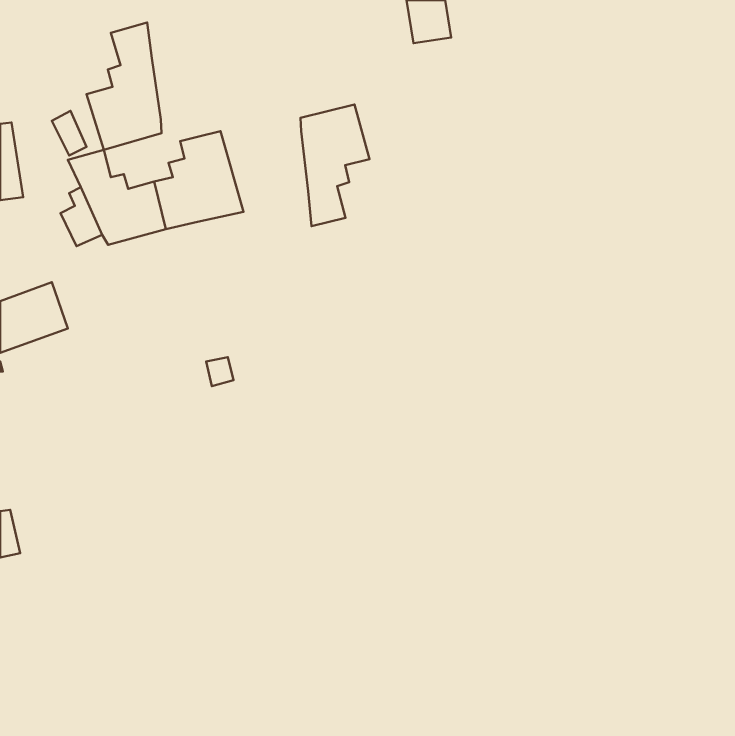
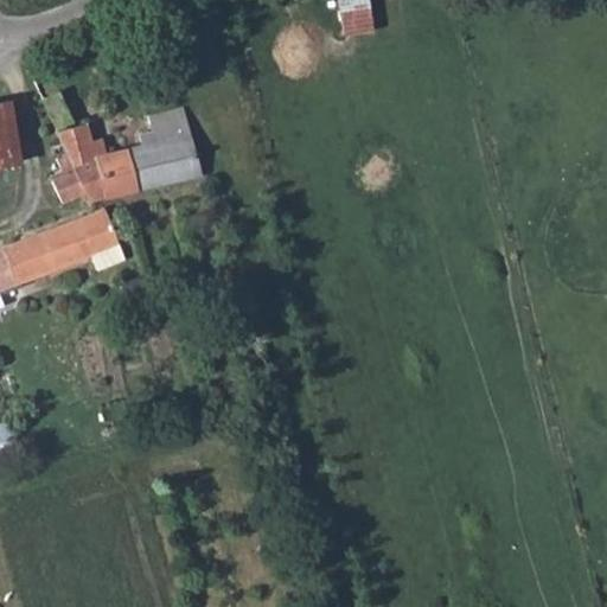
building: [86,23,162,150] -> none
building: [301,104,369,226] -> none
building: none -> [44,207,126,270]

